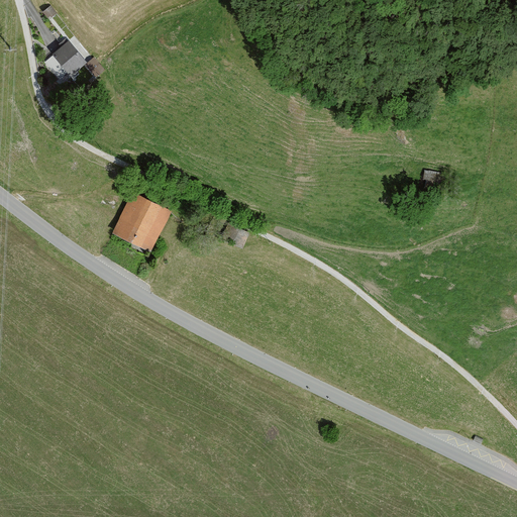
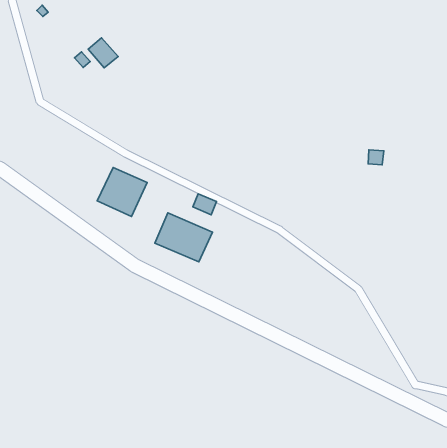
building: [51,43,86,78] -> [88,38,118,68]
building: none -> [155,213,213,262]

